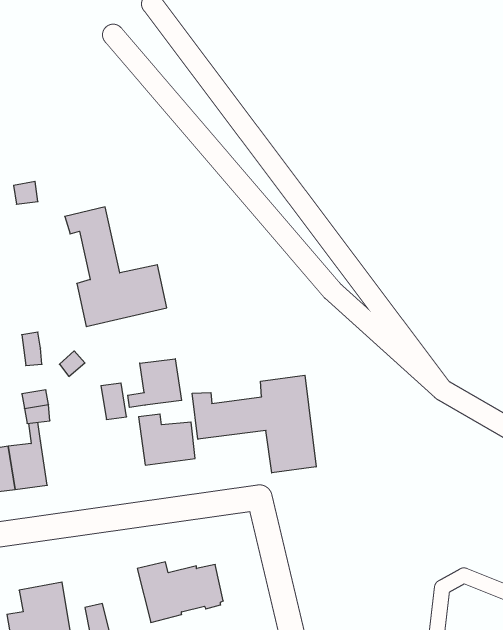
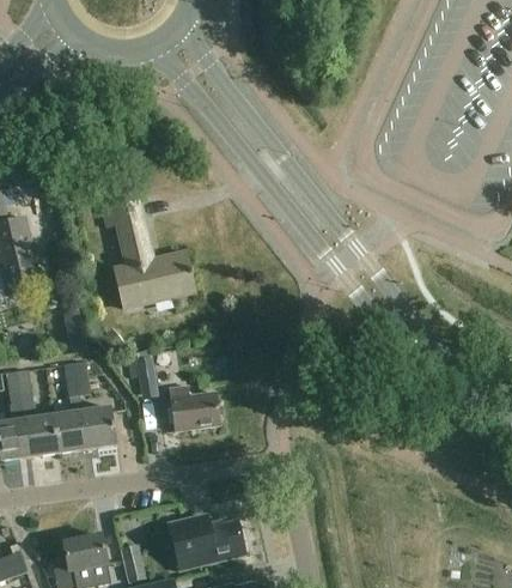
building: [128,359,182,407] -> none
building: [192,375,316,473] -> none
building: none -> [81,405,116,448]

